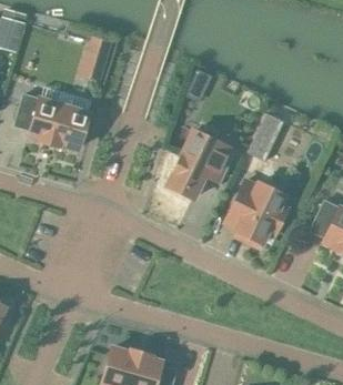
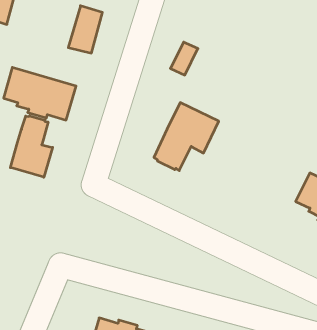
building: [248,114,284,162] -> none
building: none -> [10,116,53,177]
building: [226,182,287,246] -> none

